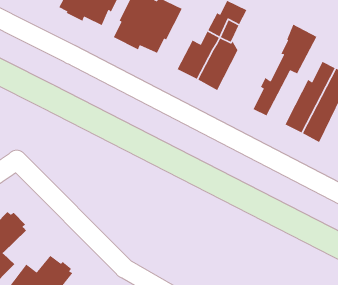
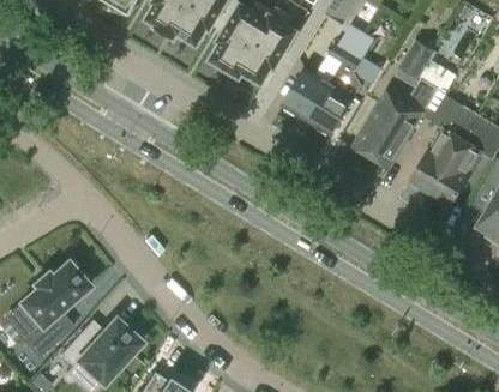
building: none -> [399,40,435,78]
building: none -> [351,85,415,159]

